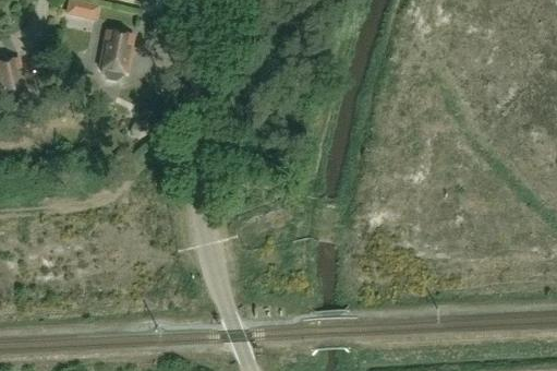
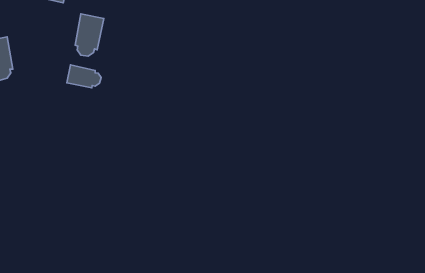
building: none -> [67,65,101,88]

